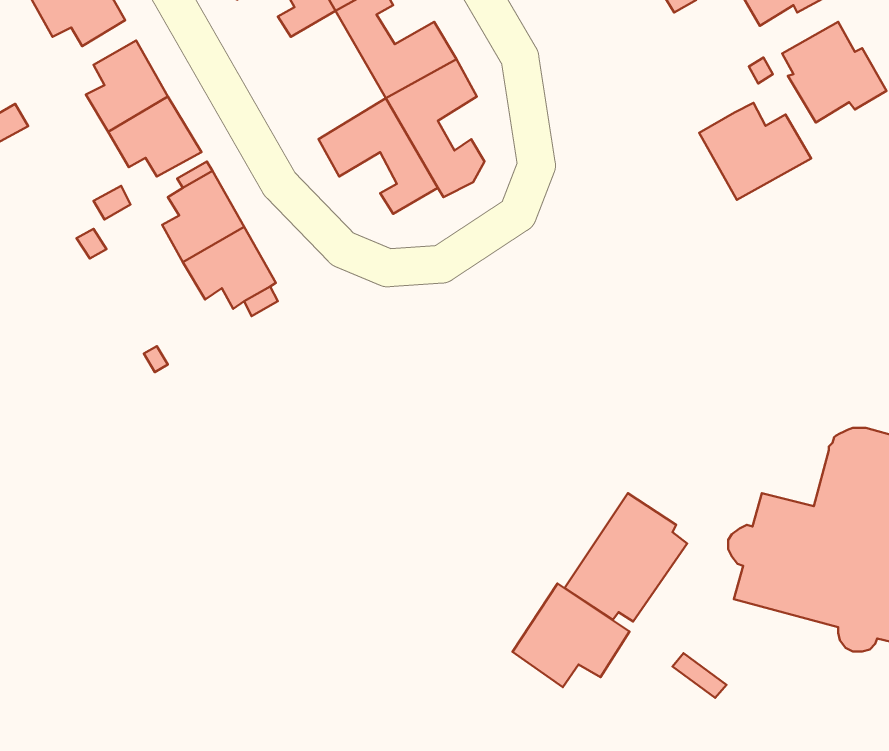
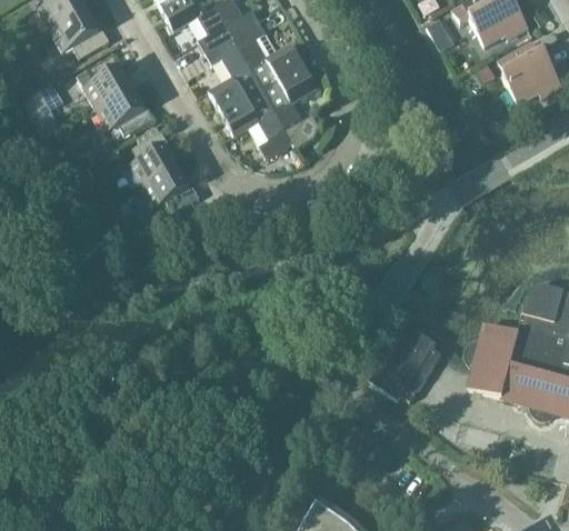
building: none -> [206,37,262,113]
building: [699,103,811,200] -> none
building: [513,583,630,687] -> none

